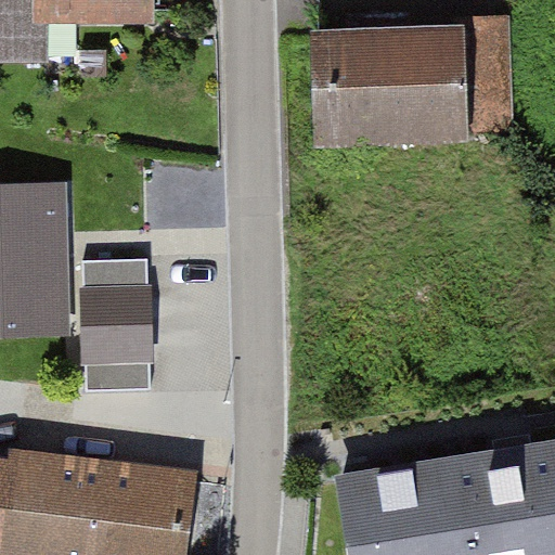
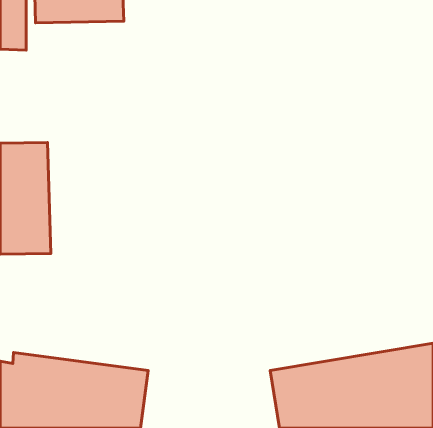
building: [318,30,487,155] -> none
building: [85,253,153,386] -> none

